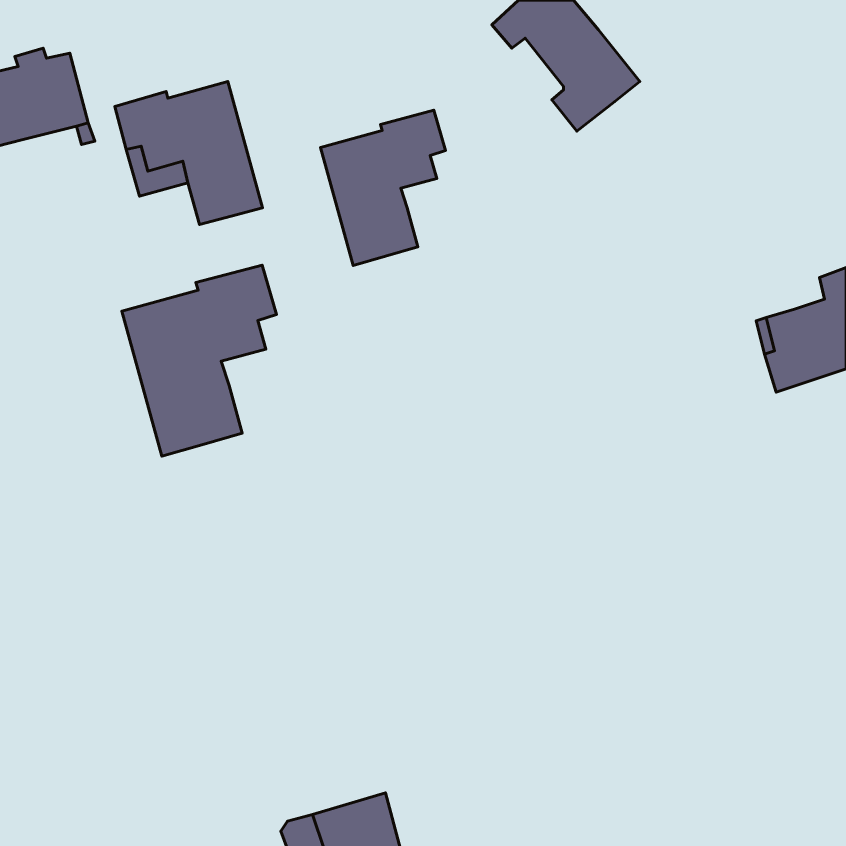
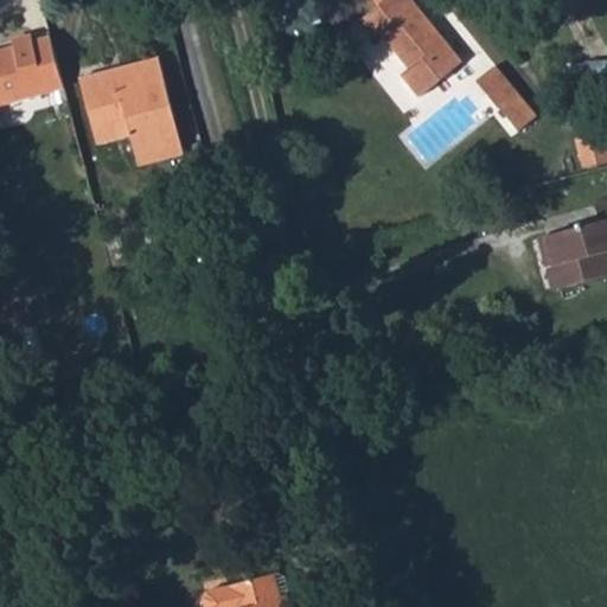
building: none -> [479,70,543,138]
building: [321,110,445,265] -> none
building: [122,265,276,456] -> none

